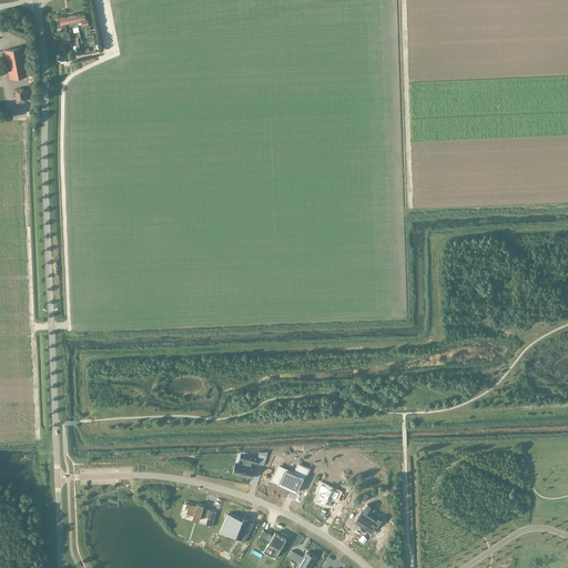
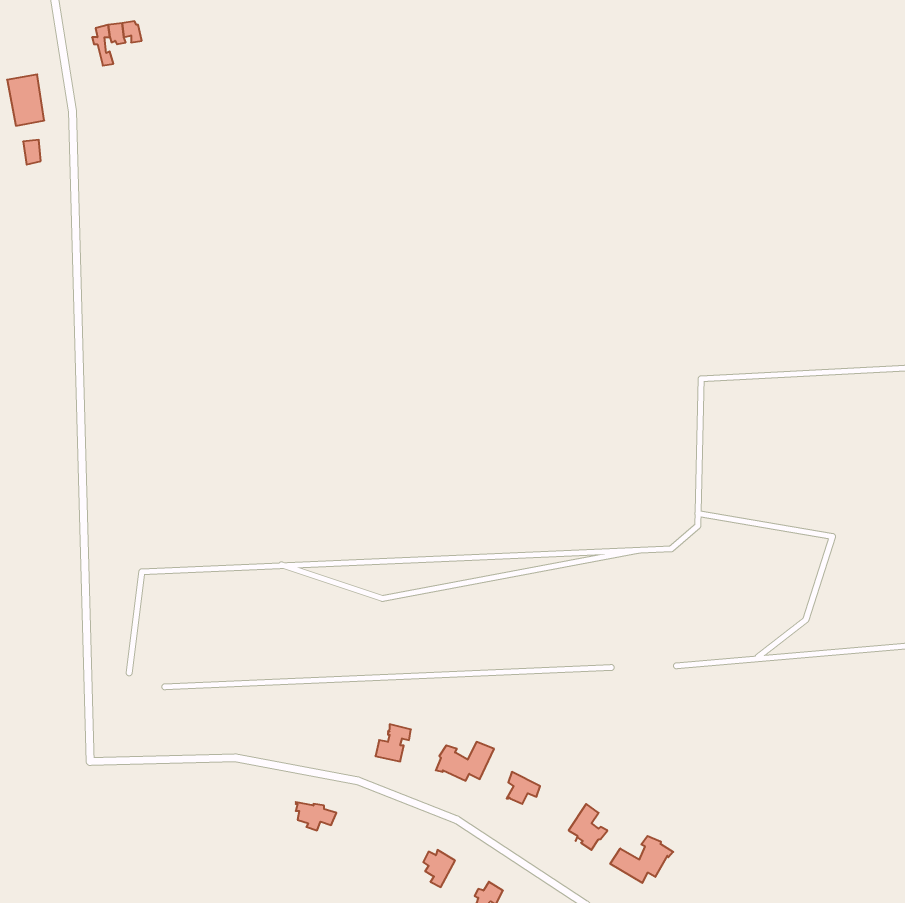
building: [220,514,251,544] -> none
building: none -> [610,836,673,883]

